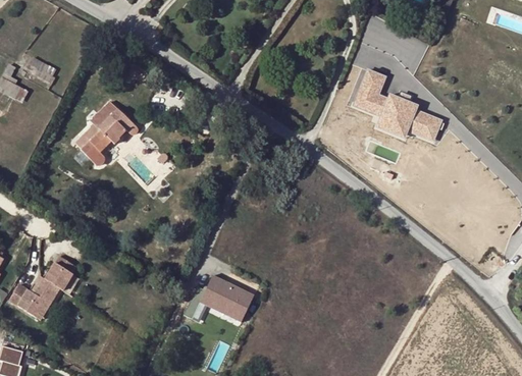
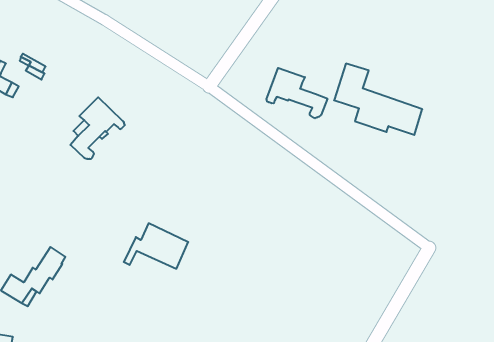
building: none -> [267,68,327,118]
building: [186,273,252,320] -> [124,223,188,269]

